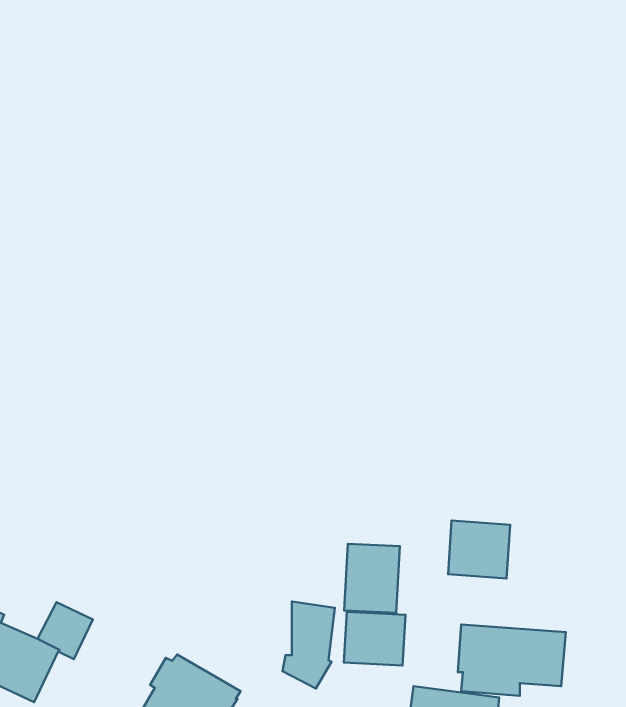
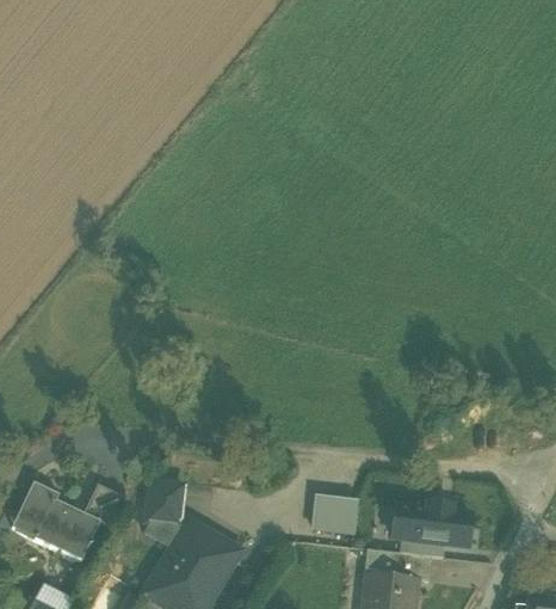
building: [448,521,510,579] -> none
building: [344,544,400,613] -> none
building: [282,601,335,689] -> [142,482,181,548]

